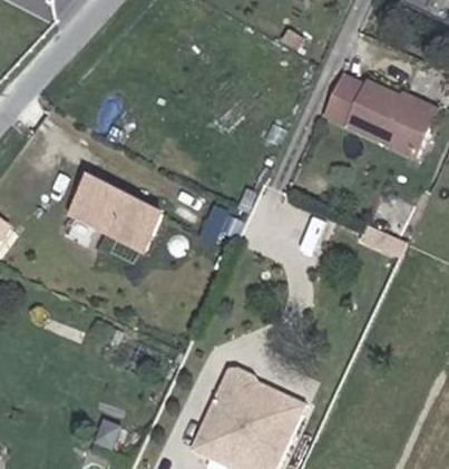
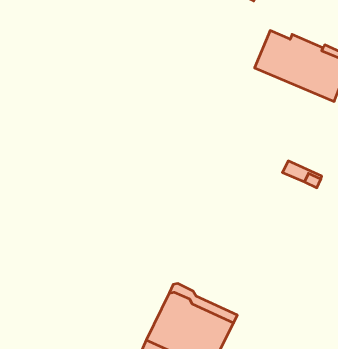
building: [67,168,158,240] -> none

